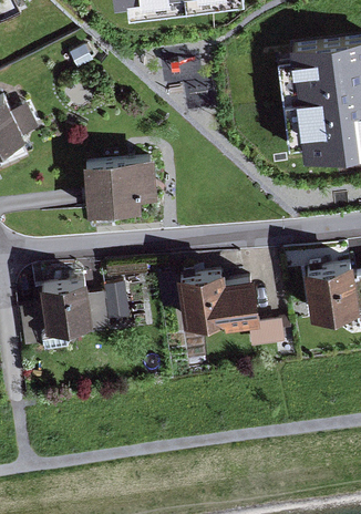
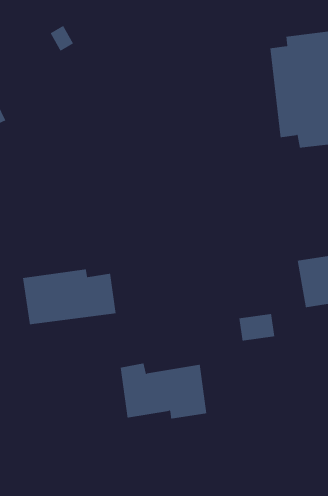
building: [83,157,157,216] -> none
building: [176,271,260,326] -> [120,363,207,419]

